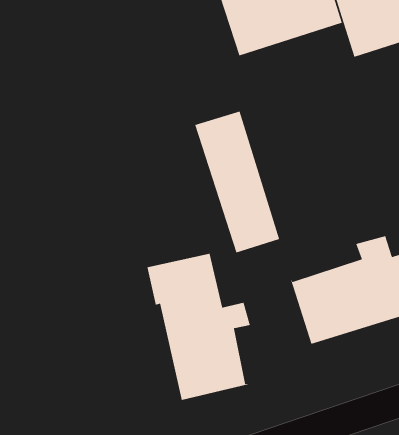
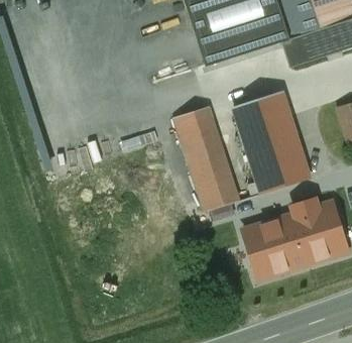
building: none -> [233,91,308,192]
building: [147,253,251,401] -> none

